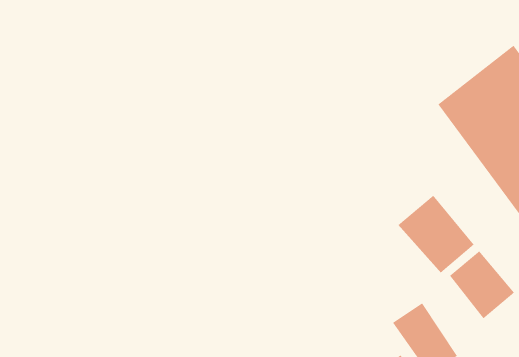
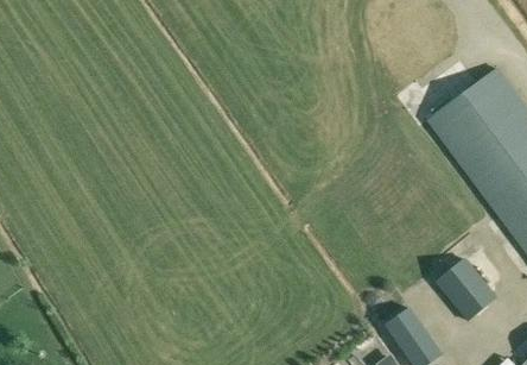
building: [398,195,475,273] -> none

